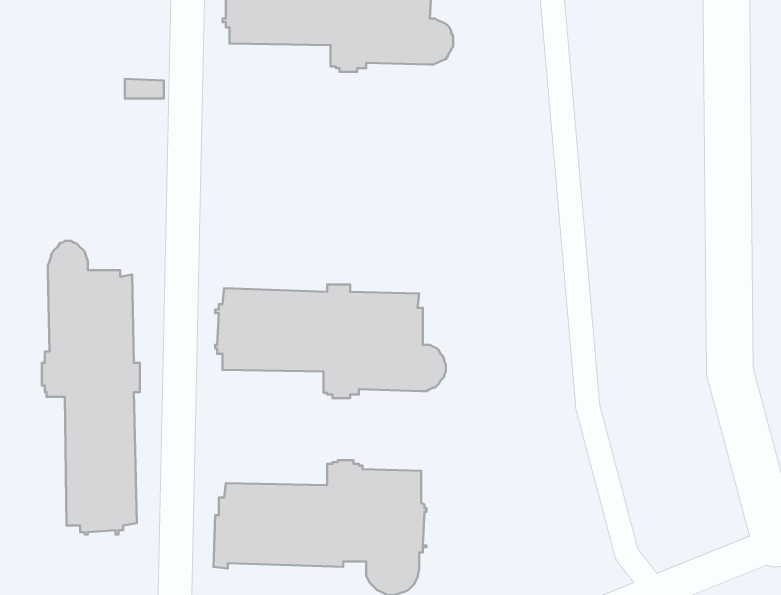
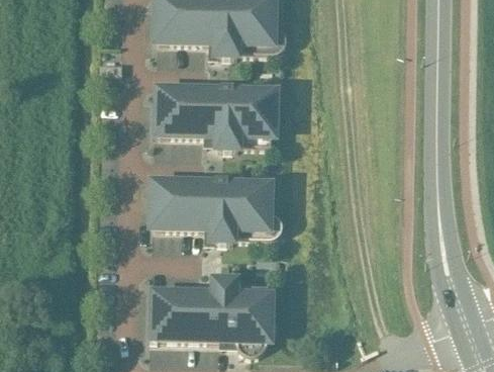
building: none -> [155,83,276,148]
building: [42,241,140,535] -> none

